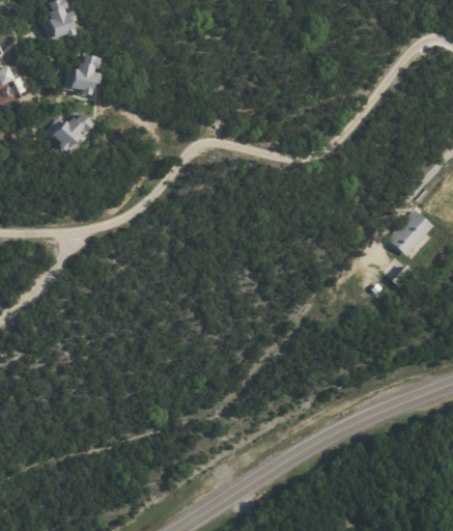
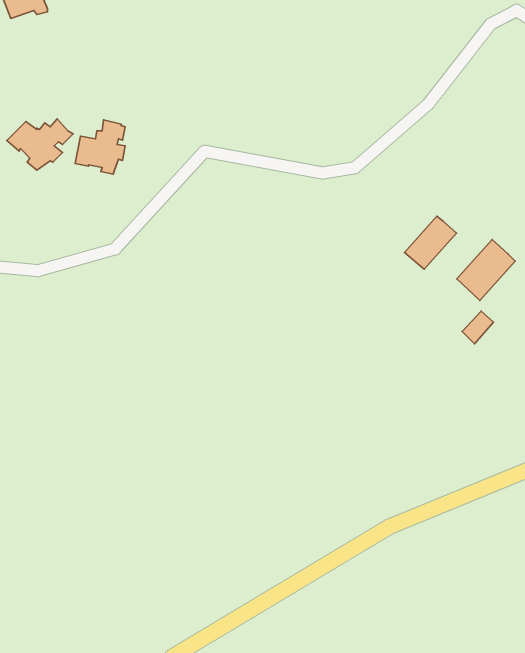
building: [63,56,102,97] -> [75,120,125,174]
building: none -> [404,216,457,269]

